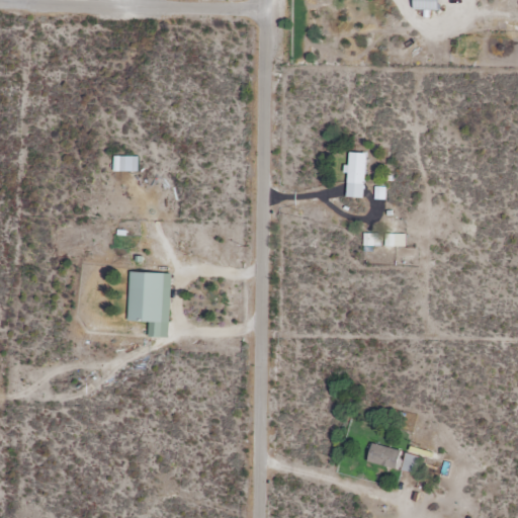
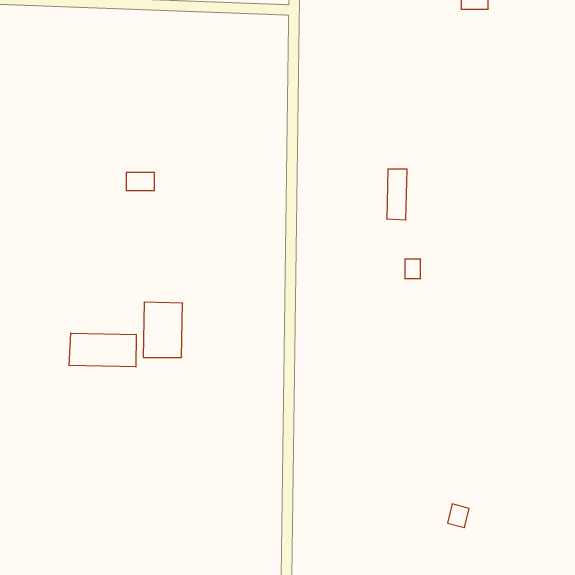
building: none -> [69,333,136,367]
building: [365,442,401,468] -> none

